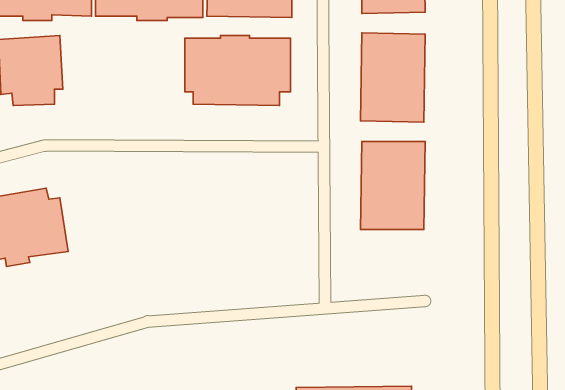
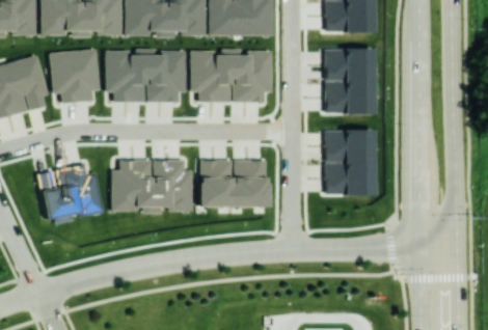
building: none -> [105,48,186,102]
building: none -> [111,159,192,213]
building: none -> [198,159,267,207]

